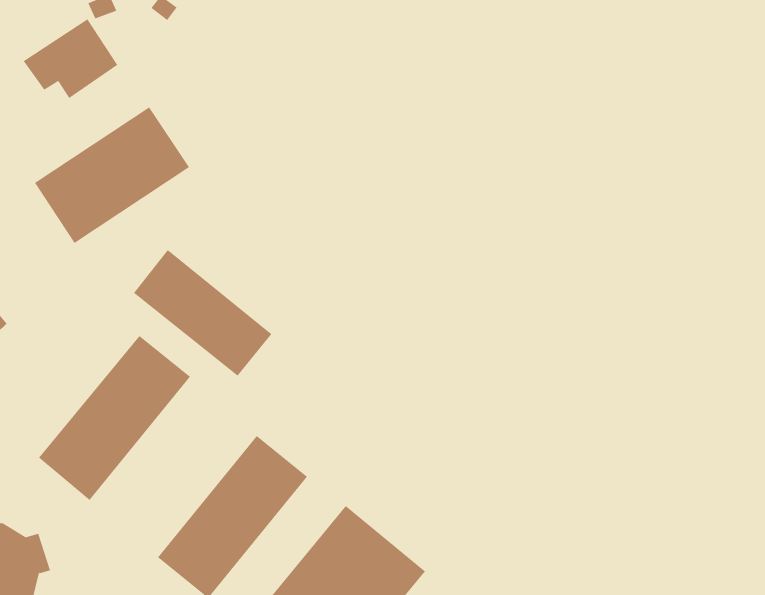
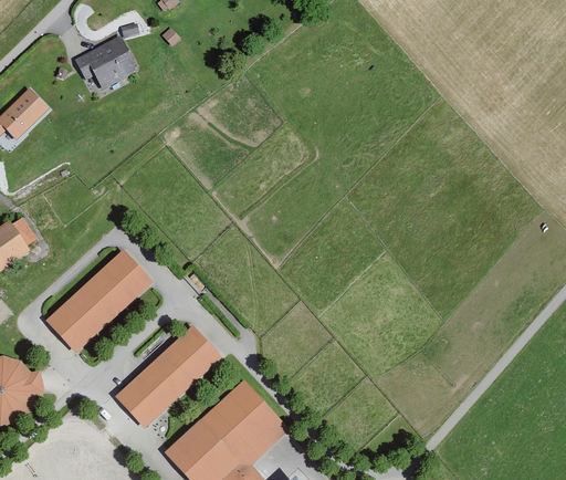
building: [34,106,190,244] -> none
building: [133,249,272,376] -> none

